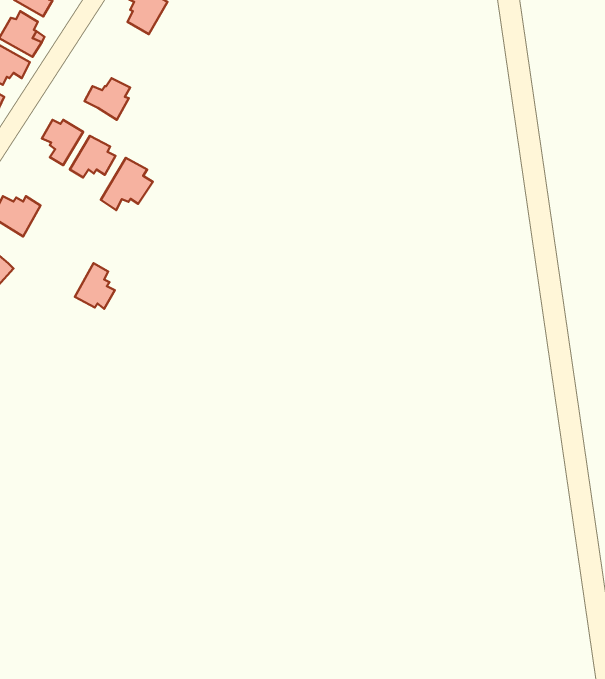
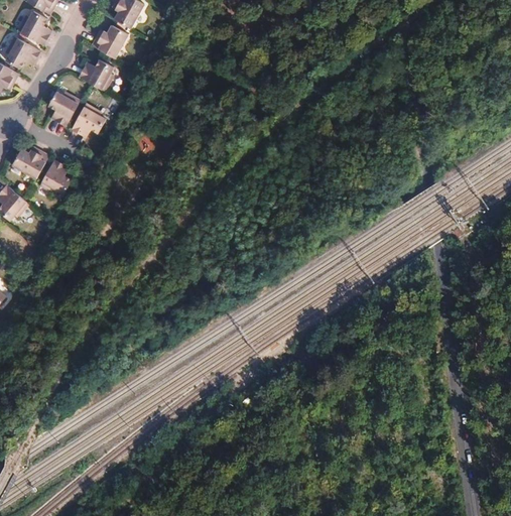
building: none -> [92,24,128,57]
building: [101,158,153,210] -> none
building: [75,263,115,309] -> [36,162,67,197]

